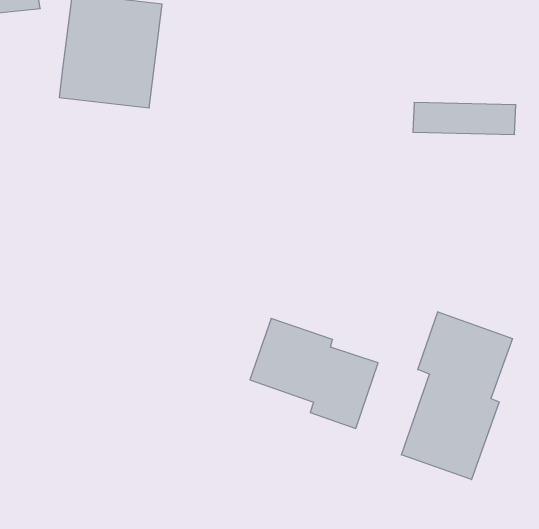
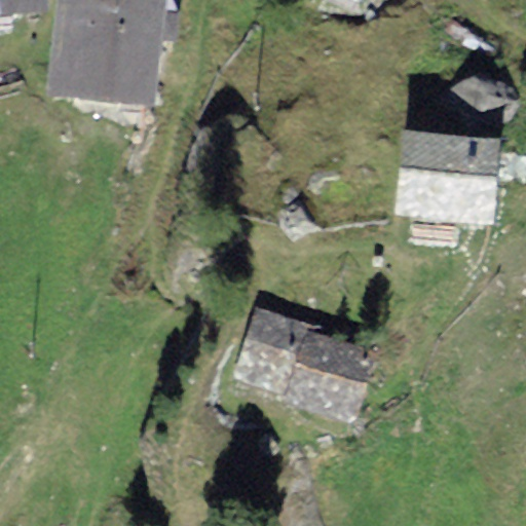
building: none -> [402,142,490,213]
building: [401,312,513,480] -> none

